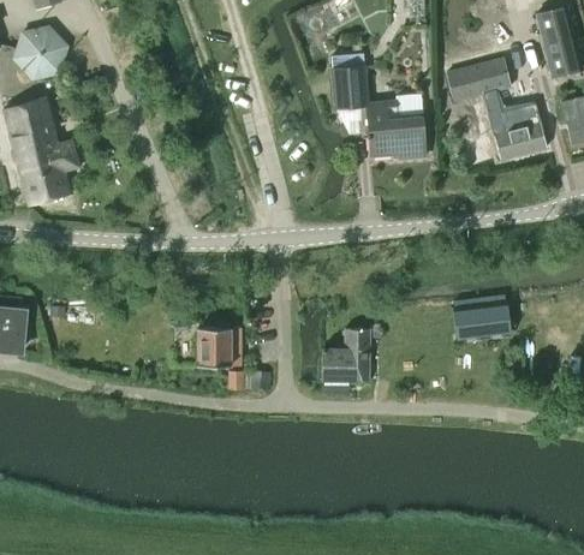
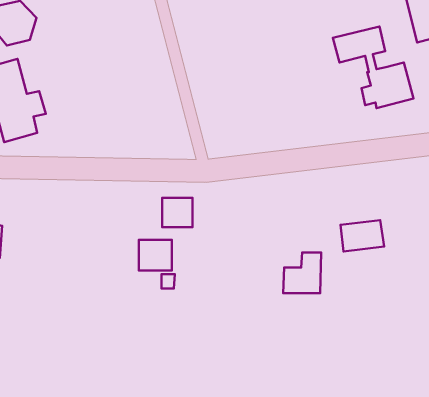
building: [332,67,424,157] -> none
building: none -> [162,198,193,227]
building: [321,328,369,380] -> [283,252,321,293]

